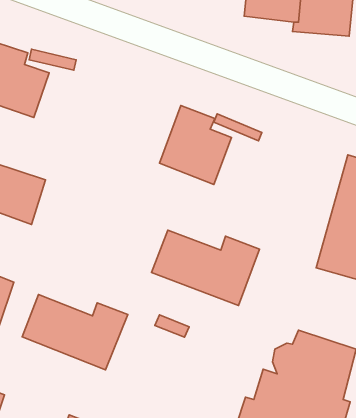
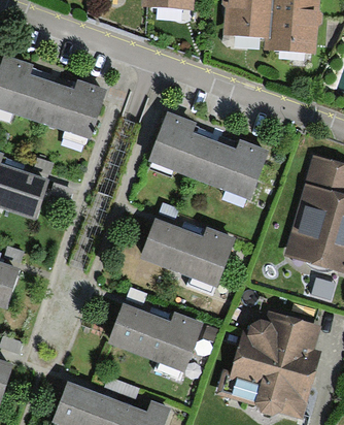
building: none -> [38,80,106,139]
building: none -> [196,138,270,201]
building: [22,295,128,370] -> [109,305,202,371]

